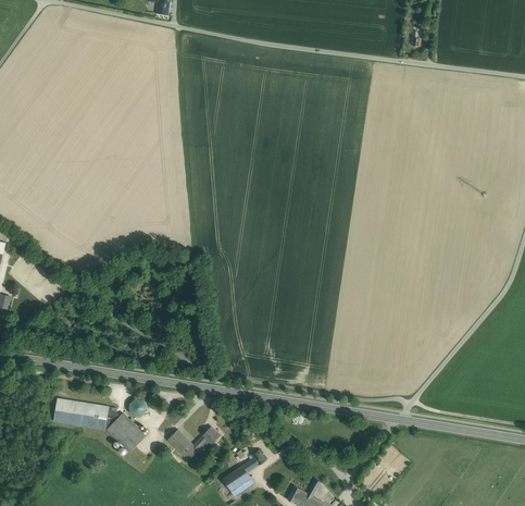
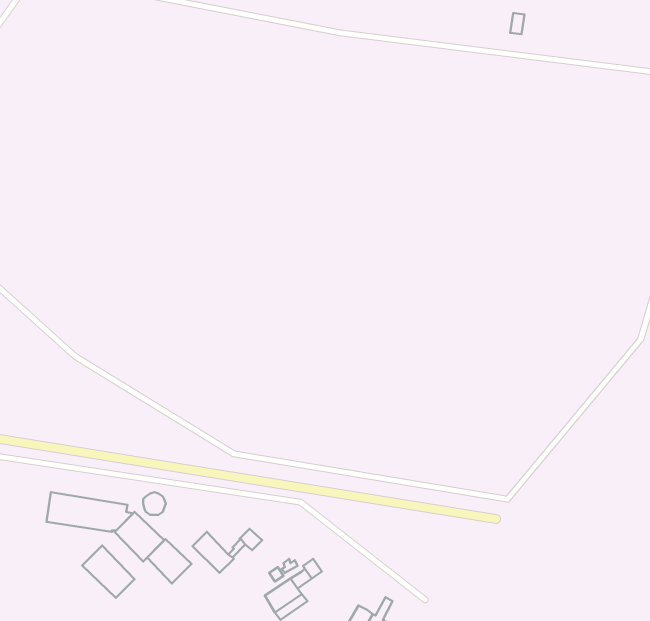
building: none -> [147,539,192,584]
building: none -> [82,545,135,598]

